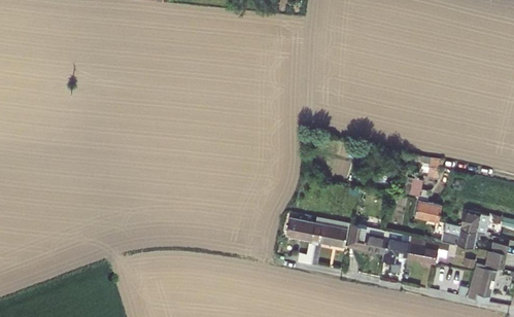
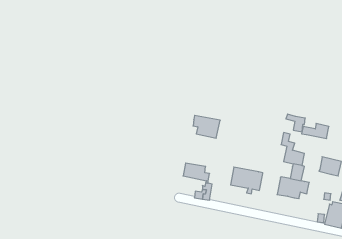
building: [314,217,349,246] -> [193,115,220,138]
building: [442,228,477,248] -> [302,123,329,139]
building: [382,232,411,261] -> none

